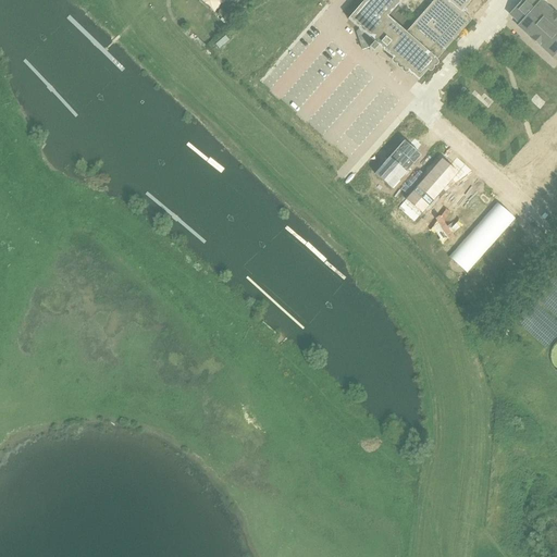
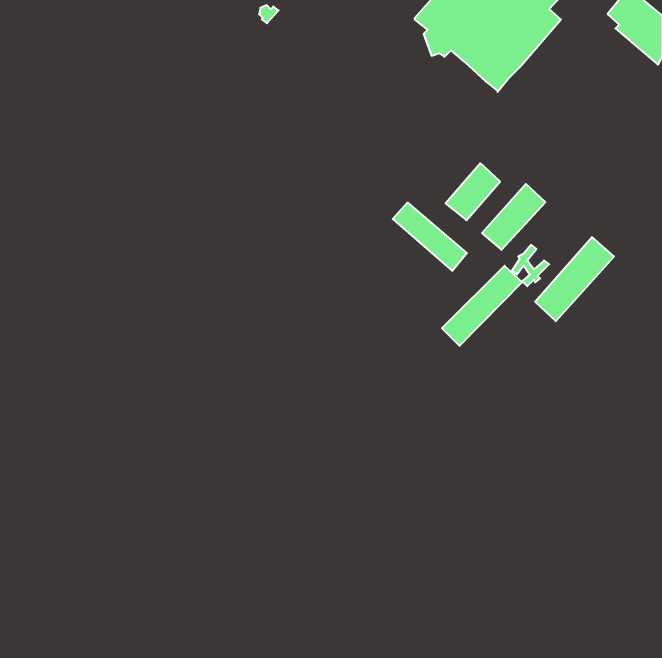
building: none -> [393,203,467,271]
building: none -> [442,266,522,346]

